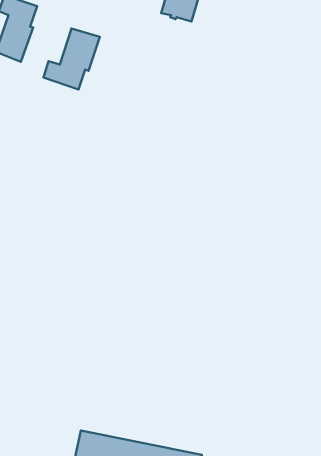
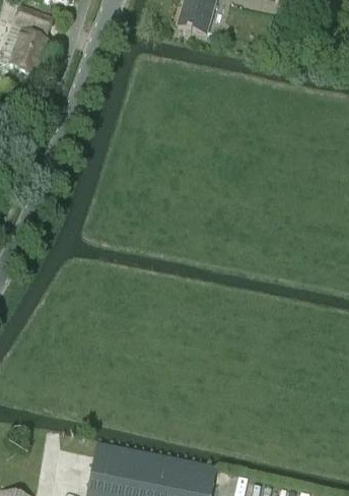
building: [43,28,100,89] -> none

